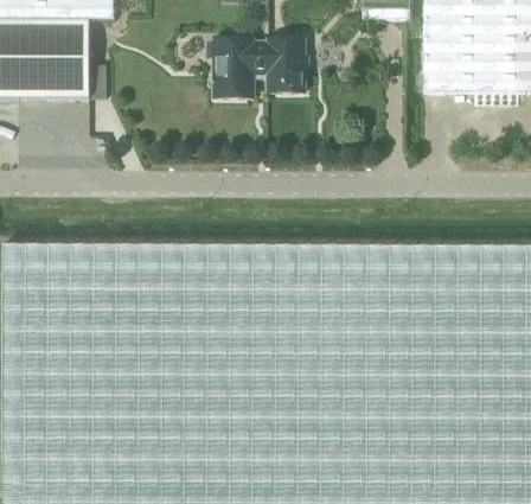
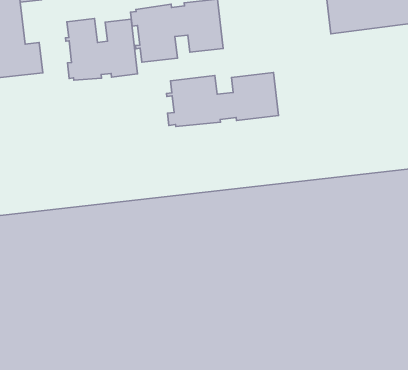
building: none -> [65,19,138,80]
building: none -> [166,73,278,126]

